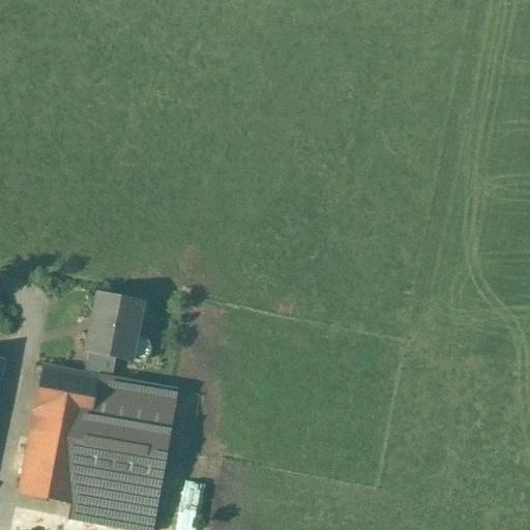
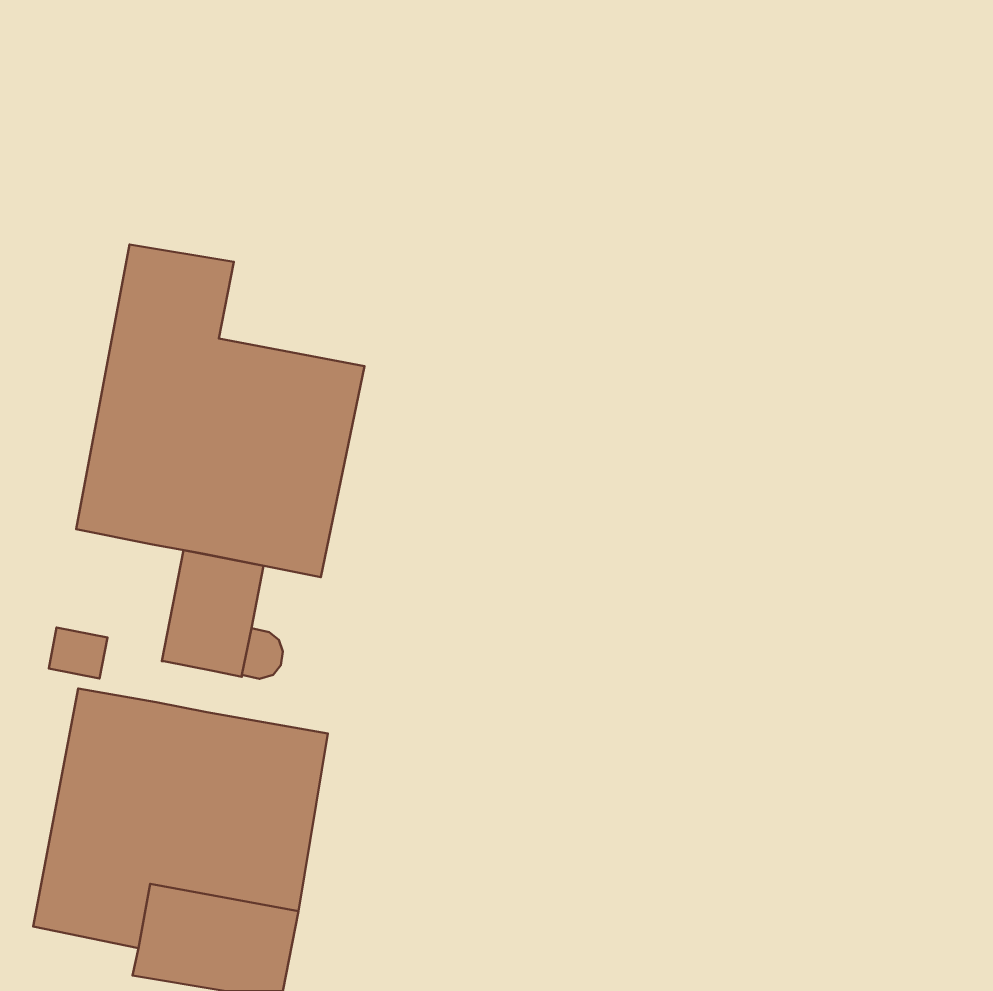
building: none -> [76,244,365,577]
building: [85,351,116,378] -> [49,628,107,678]

